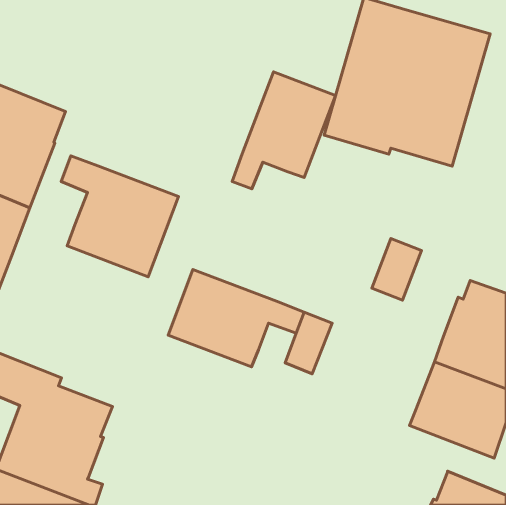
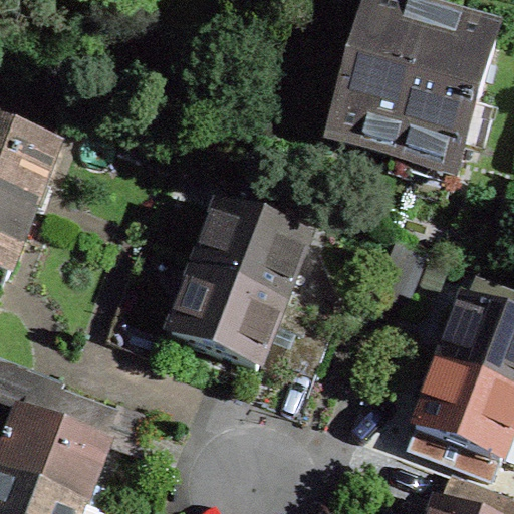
building: [232,72,335,189] -> none
building: [61,156,179,277] -> none
building: none -> [195,207,304,304]

